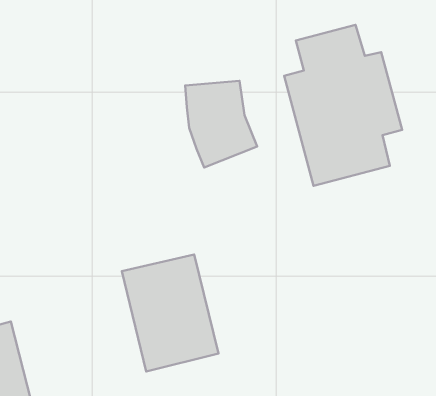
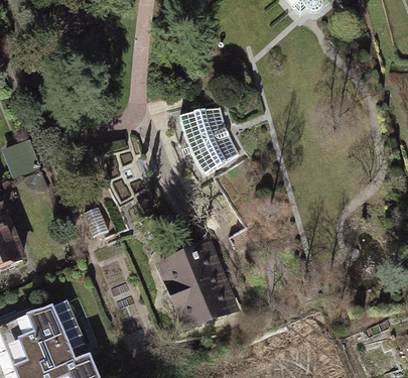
building: [284,25,402,186] -> none

